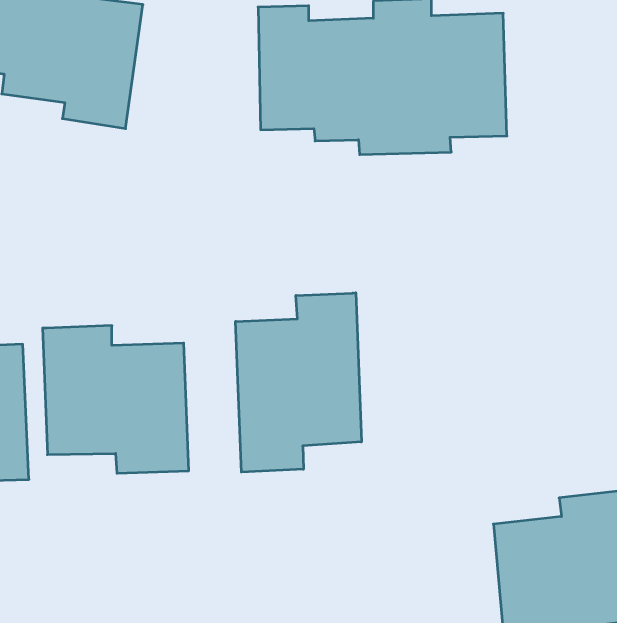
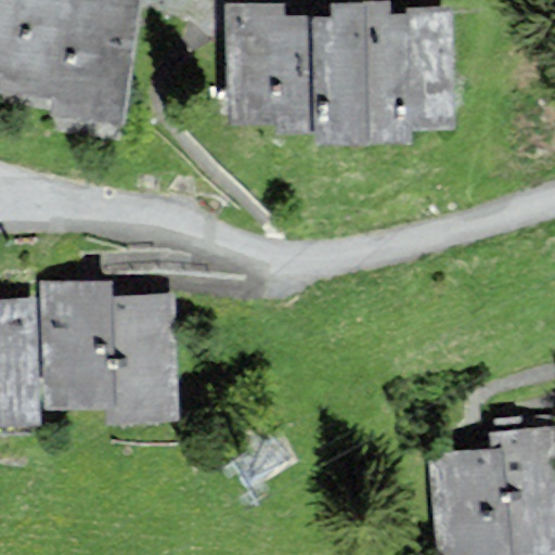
building: [236,293,361,472] -> none

